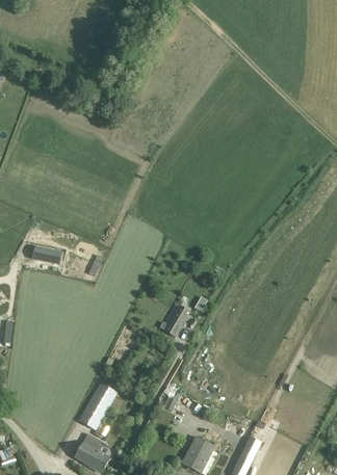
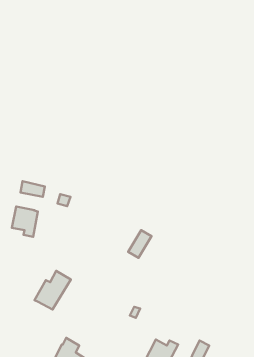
building: none -> [12,206,38,237]
building: [74,382,118,429] -> [35,271,71,310]

